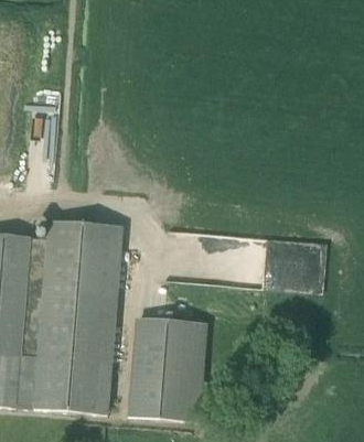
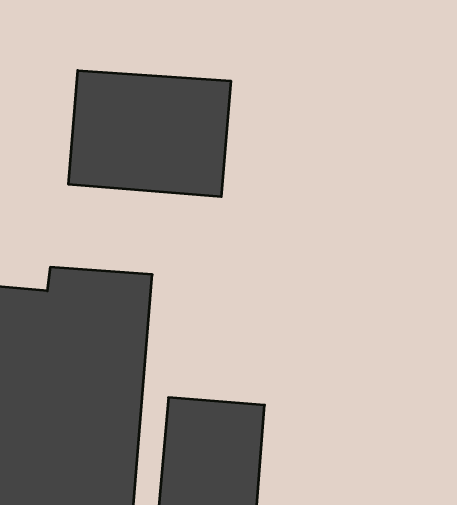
building: none -> [69,70,231,197]

